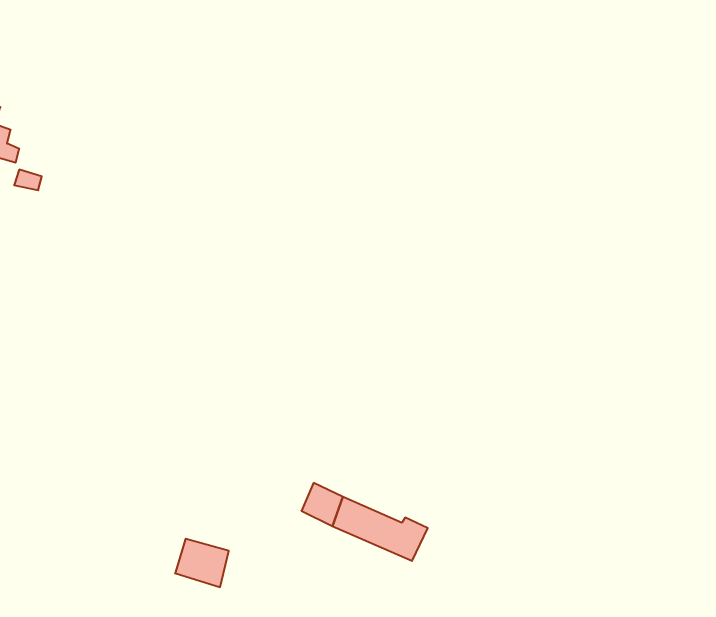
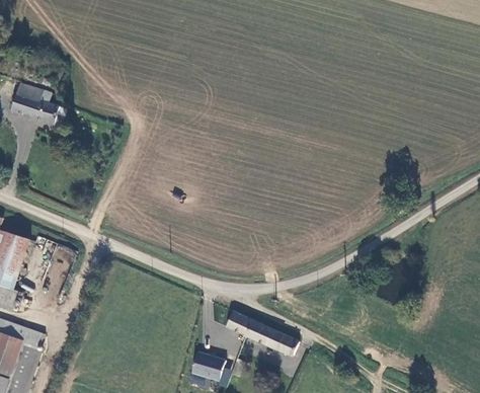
building: [175,539,229,587] -> [193,355,225,383]

